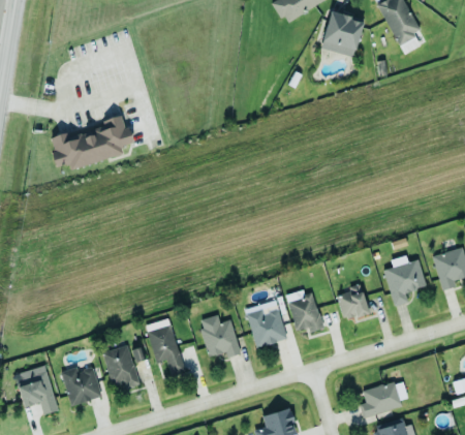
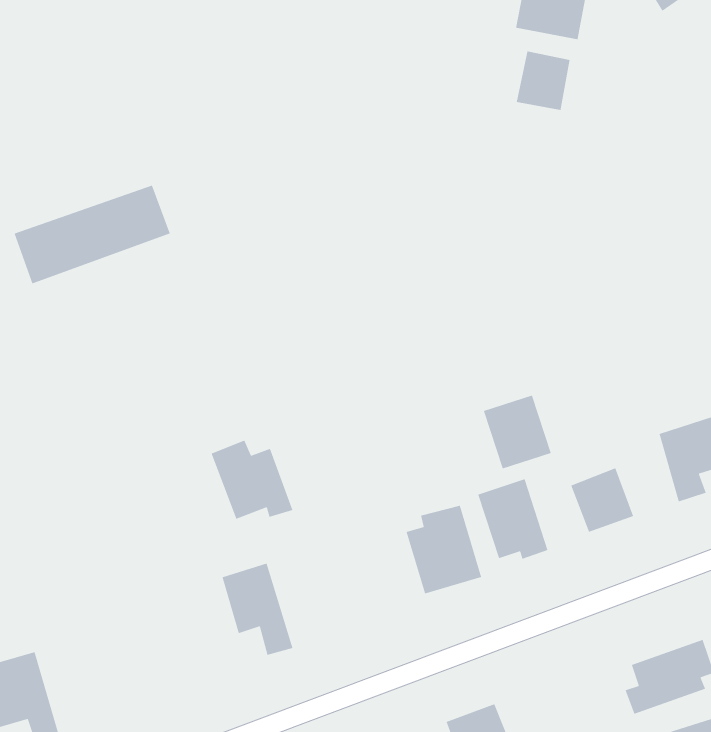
building: none -> [516,50,570,111]
building: none -> [483,394,552,470]
building: [198,314,241,356] -> [211,440,294,520]
building: [102,344,140,389] -> none
building: [62,367,100,405] -> none

